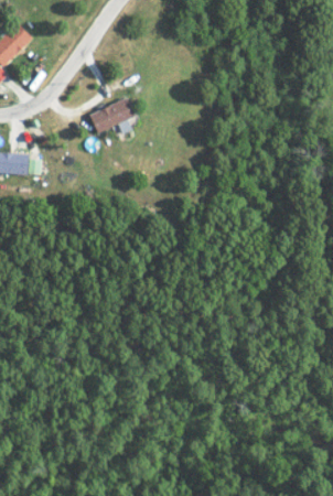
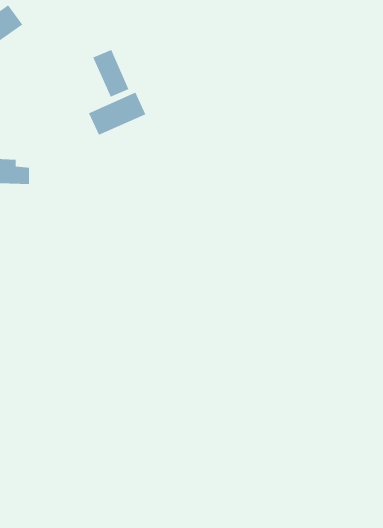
building: none -> [93,49,129,97]

